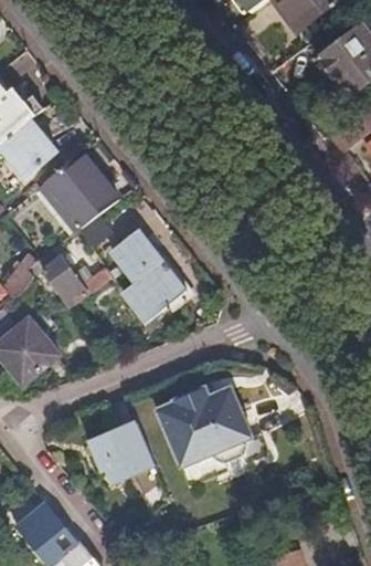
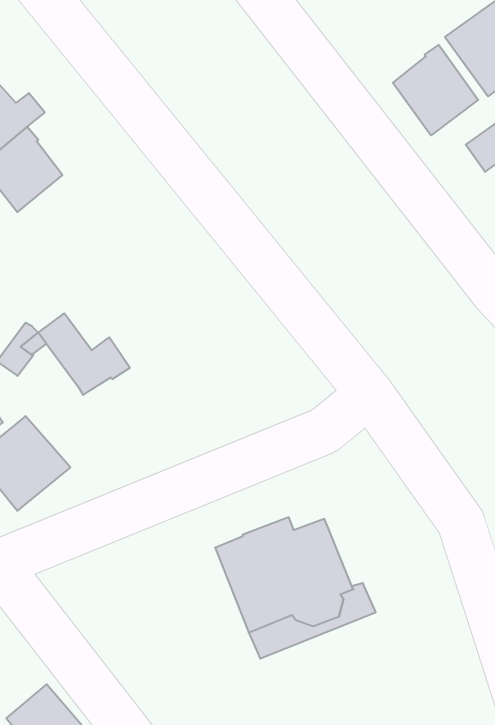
building: none -> [393,45,478,135]
building: [42,153,116,226] -> none
building: [108,229,182,321] -> none
building: [87,421,167,514] -> none

